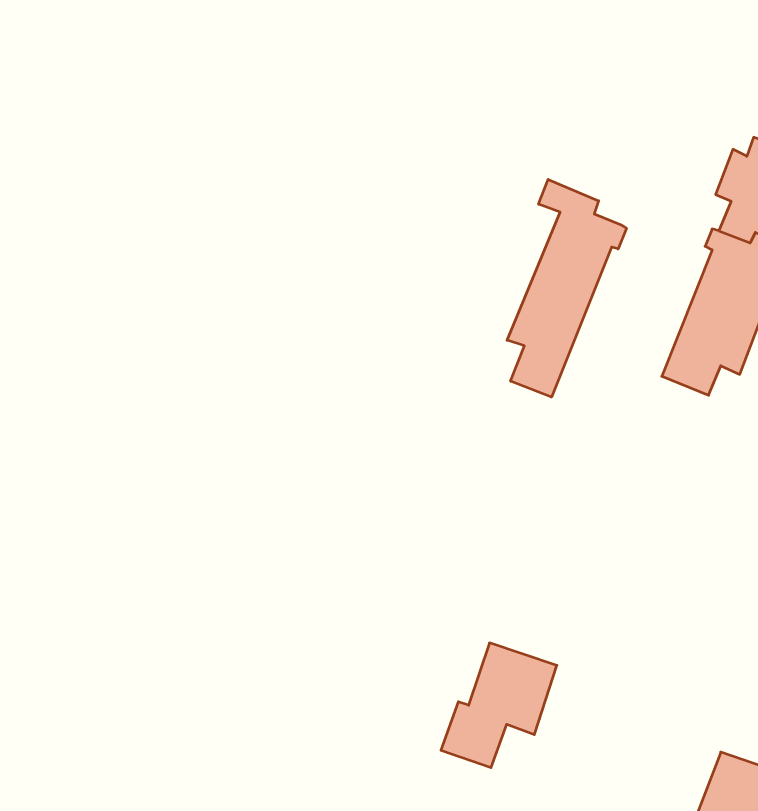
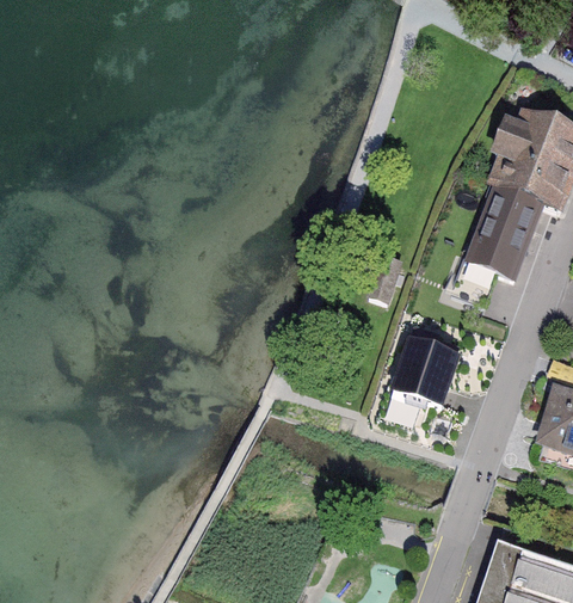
building: [507,179,626,397] -> none
building: [441,643,557,768] -> [377,340,457,426]

